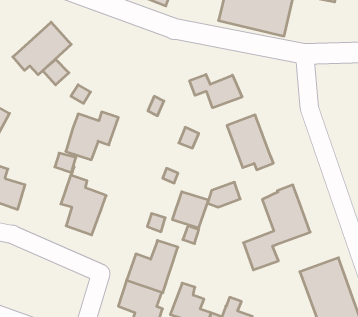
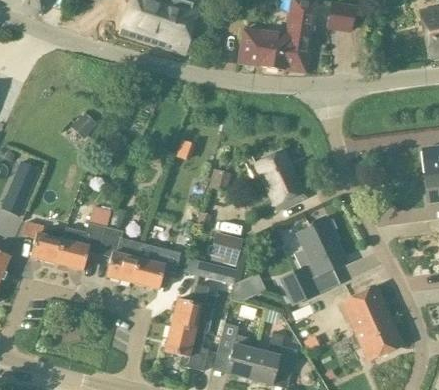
building: [13,22,71,75] -> none
building: [190,74,242,108] -> none
building: [66,112,118,160] -> [57,221,106,269]
building: [207,182,240,207] -> [233,271,265,297]
building: none -> [132,242,180,289]

